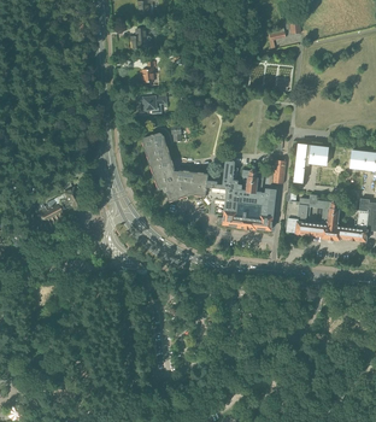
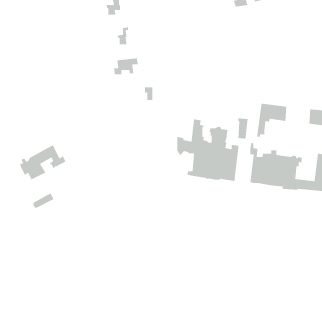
building: [142,131,208,200] -> none

